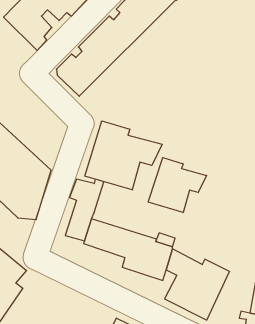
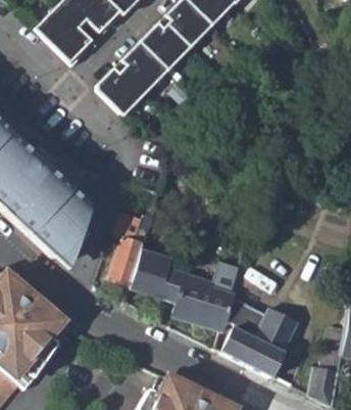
building: [85,121,162,190] -> none
building: [148,158,207,213] -> none

